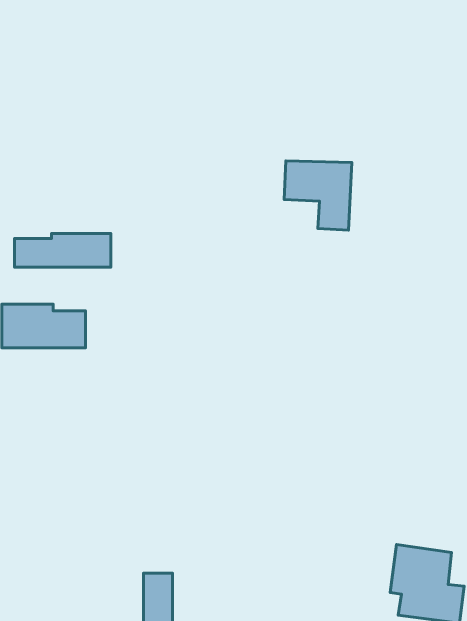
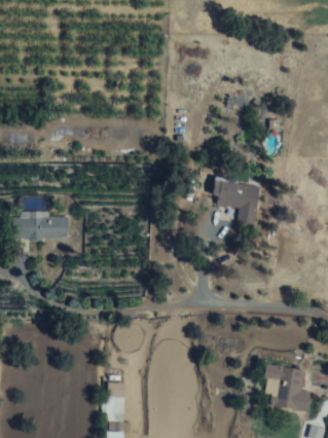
building: [284,161,352,230] -> [215,181,258,225]
building: [15,233,111,267] -> none

